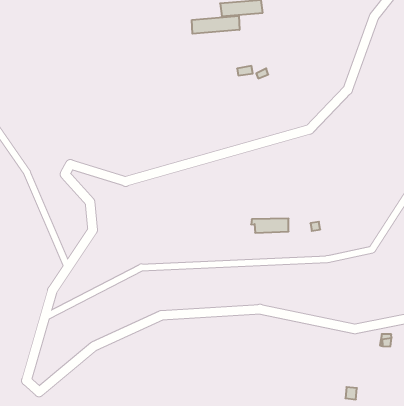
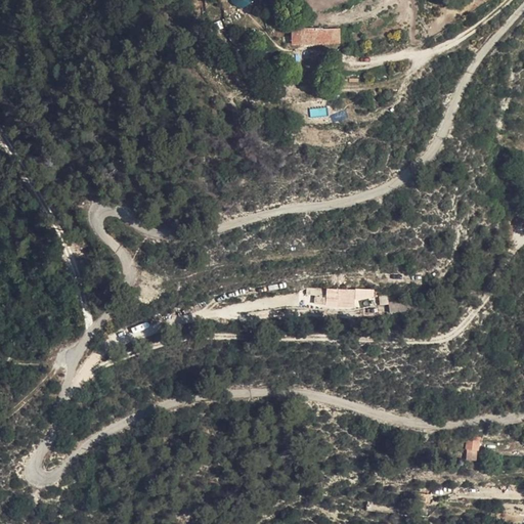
building: [192,16,239,34] -> none

